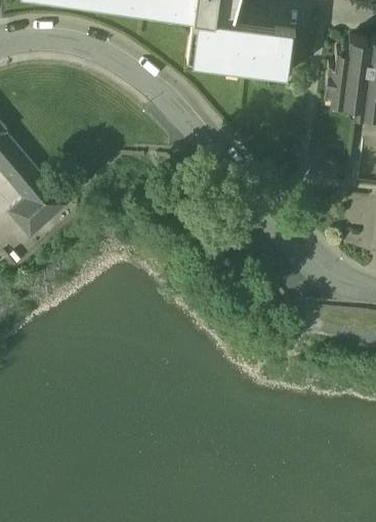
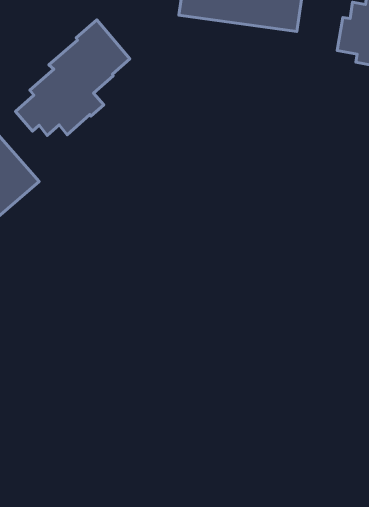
building: none -> [15,20,130,135]

